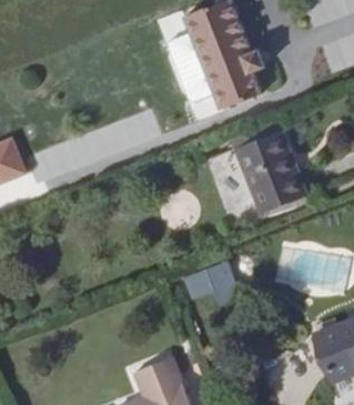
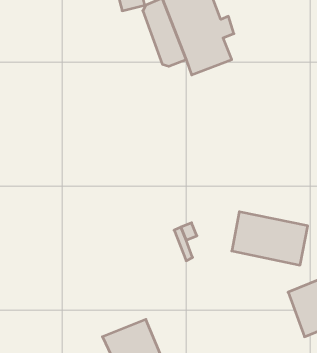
building: [235,131,306,213] -> none

